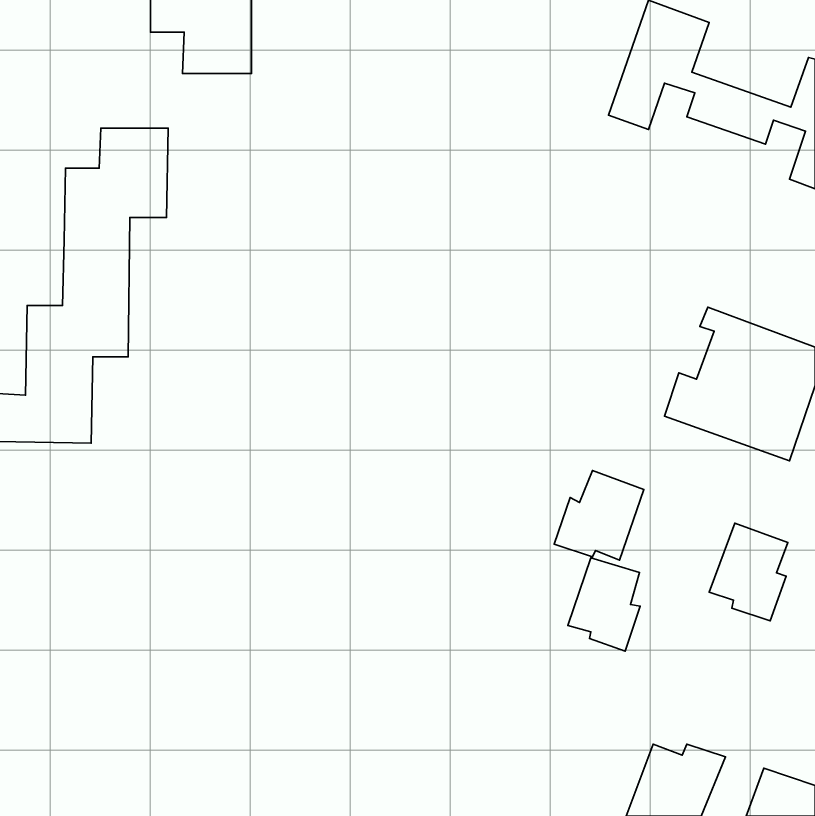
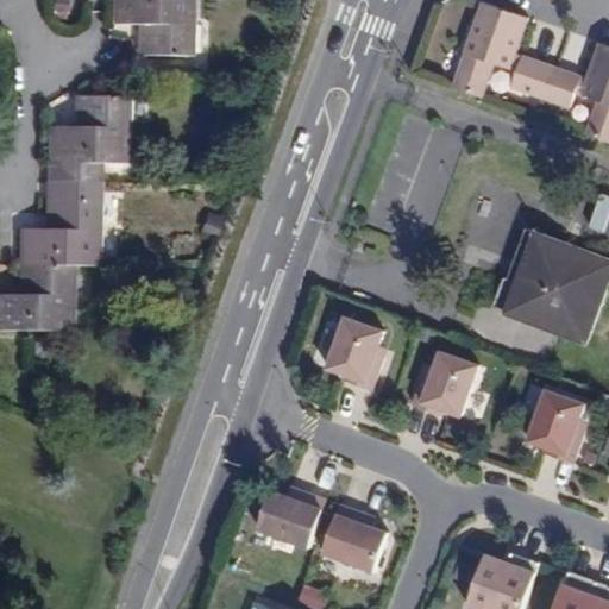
building: none -> [326,316,383,389]
building: [568,558,640,651] -> none
building: none -> [256,489,325,547]
building: none -> [321,504,387,571]

